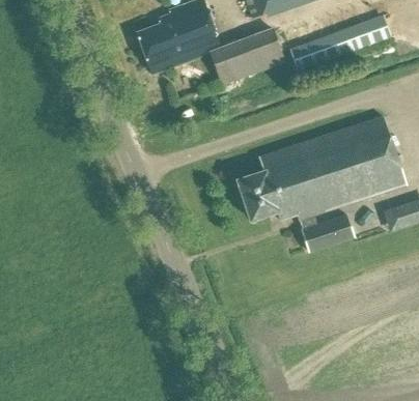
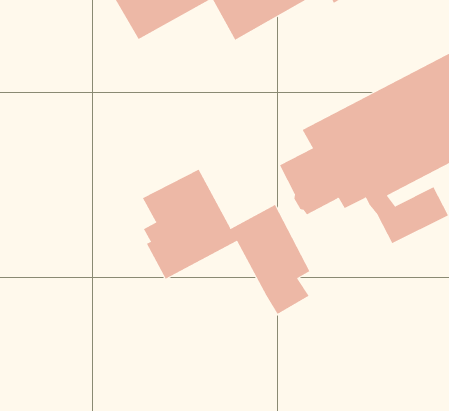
building: none -> [142,169,310,315]

